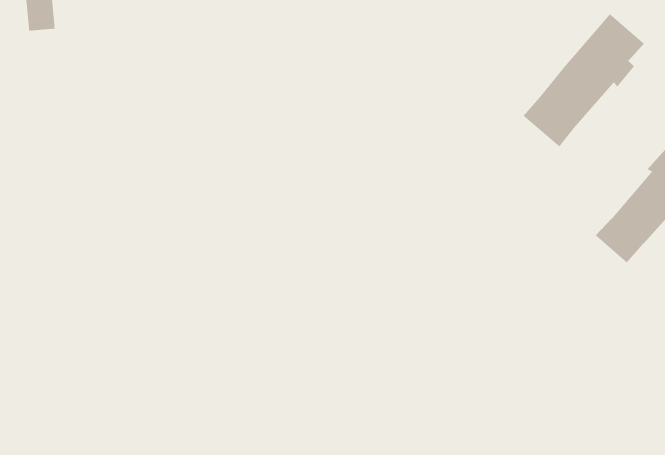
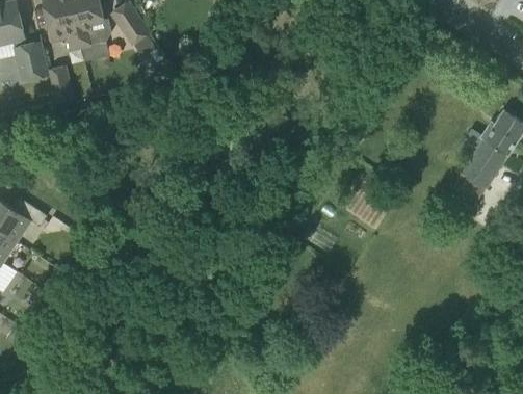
building: [522,13,645,147] -> none

